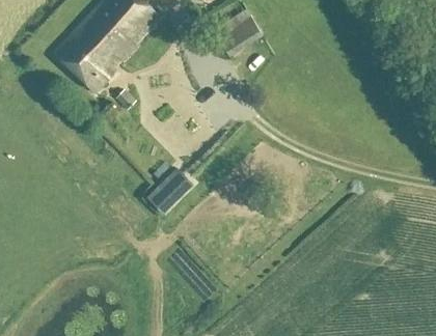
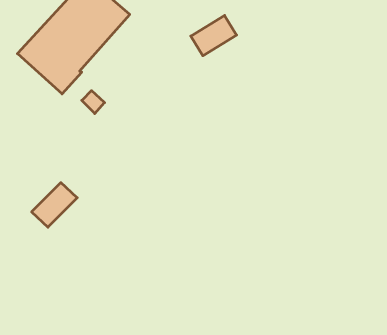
building: [146,169,190,212] -> [32,183,77,227]

